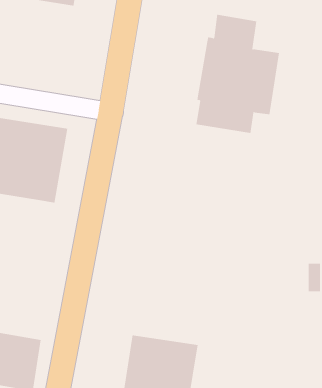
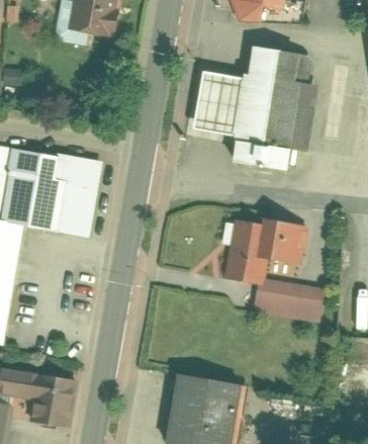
building: none -> [192,67,244,132]
building: none -> [220,217,323,324]

